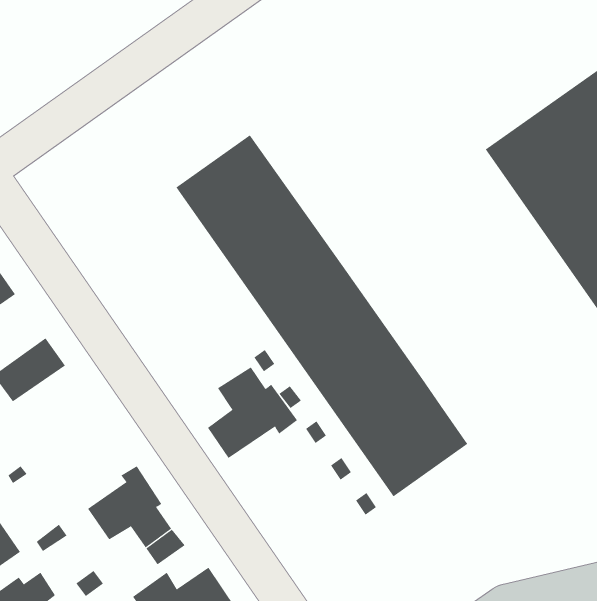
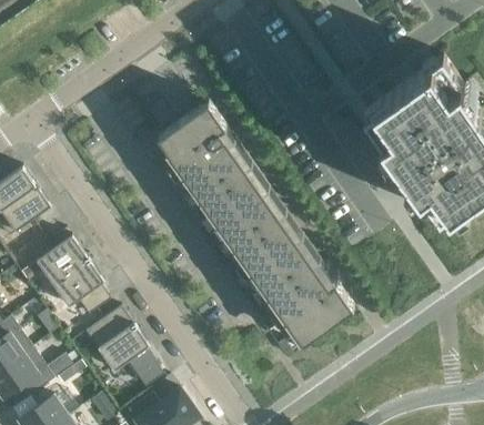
building: none -> [47,256,108,316]
building: [207,367,298,459] -> none
building: none -> [83,307,130,352]

